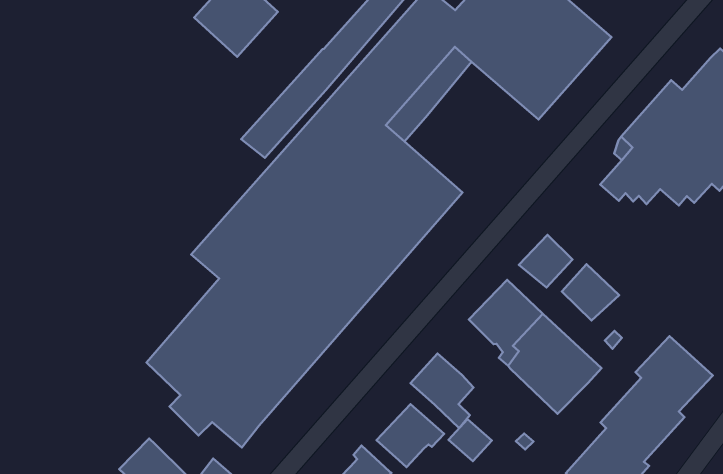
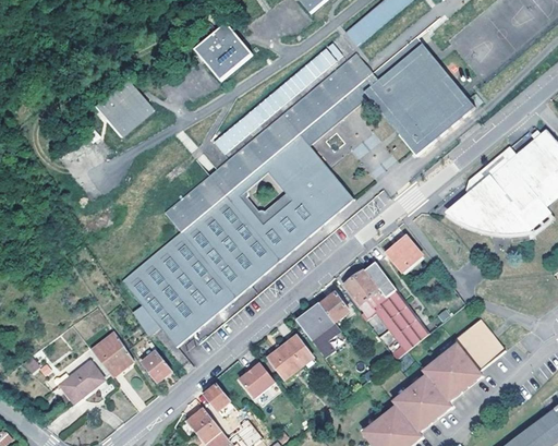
building: none -> [90,77,150,135]
building: [562,264,619,321] -> none
building: [449,419,492,461] -> [320,293,350,323]

